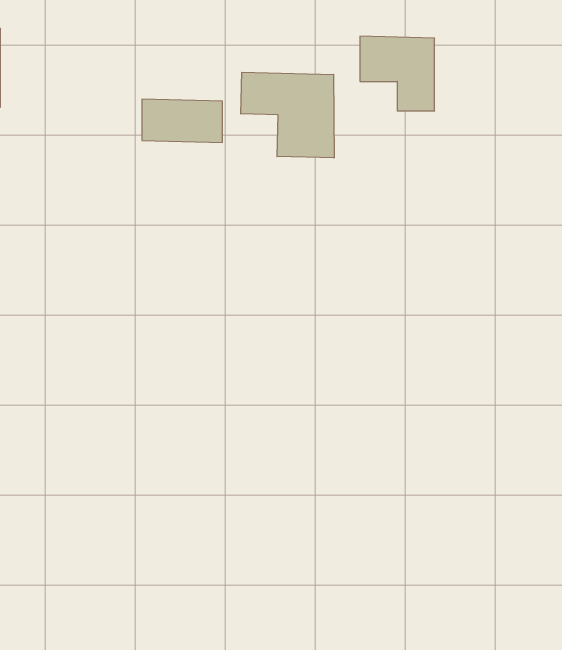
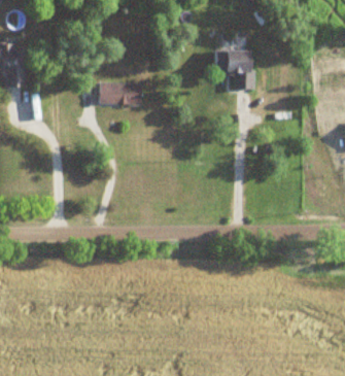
building: [241,72,334,158] -> none

